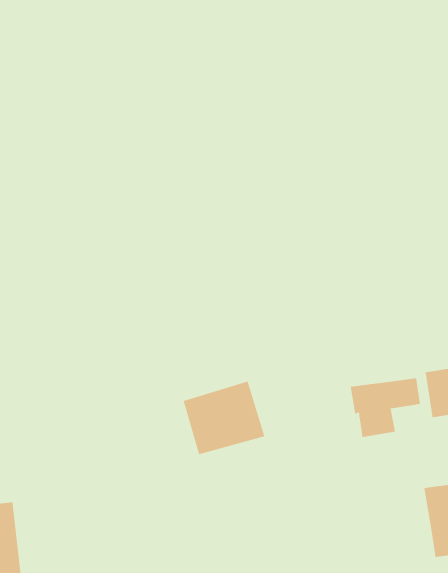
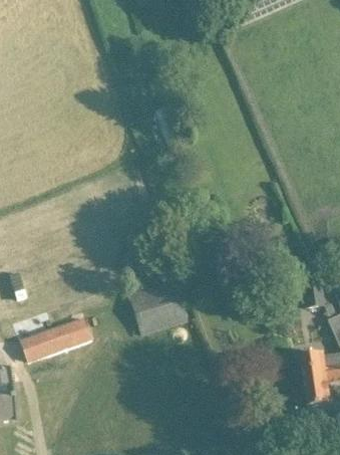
building: [350,377,421,438] -> none
building: none -> [33,318,88,355]

